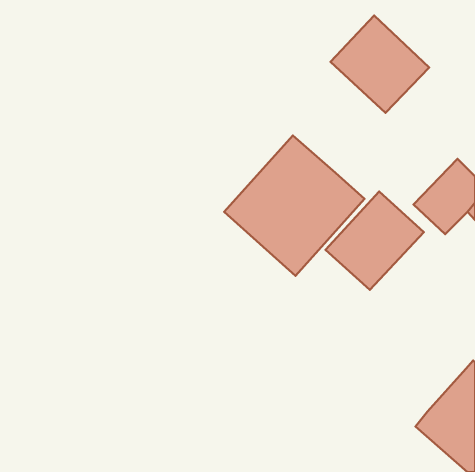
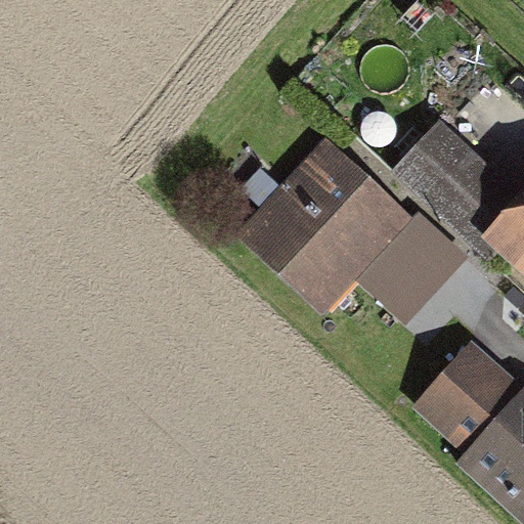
building: [330,15,429,113] -> [395,118,504,225]
building: none -> [428,368,513,453]

